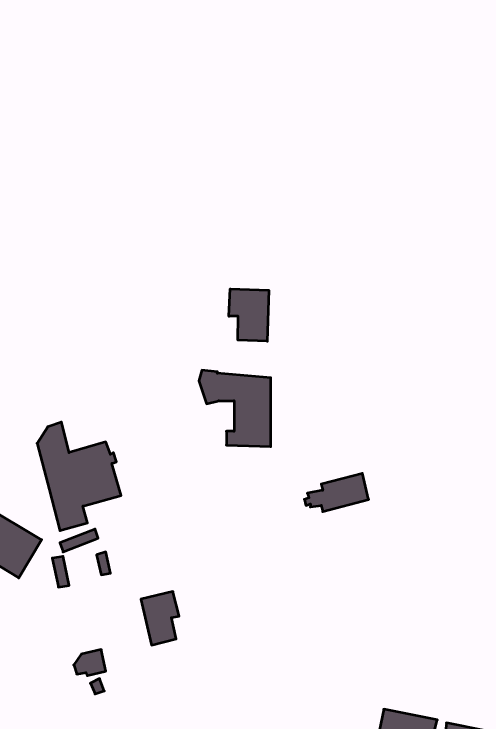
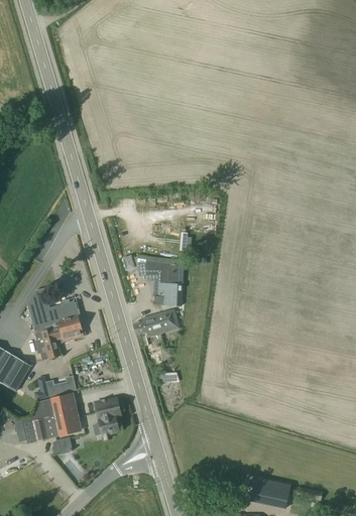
building: [229,289,269,341] -> none
building: [304,473,369,512] -> [135,309,177,335]
building: none -> [21,394,79,443]

